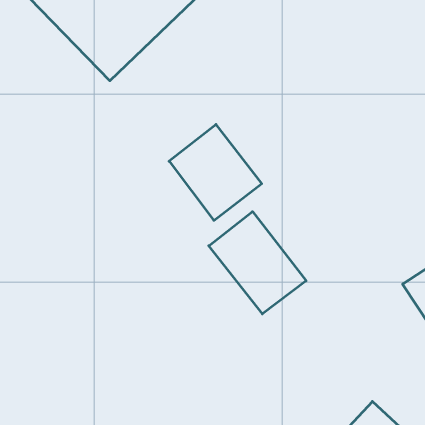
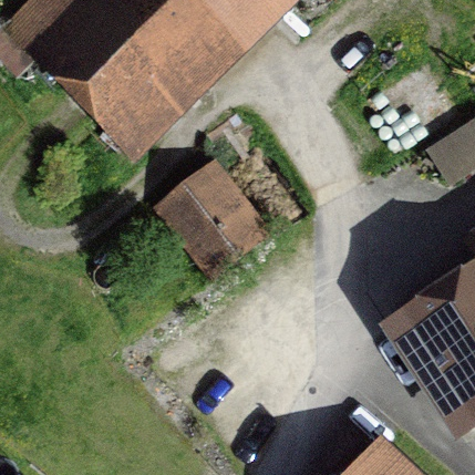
building: [209,212,306,314] -> none

